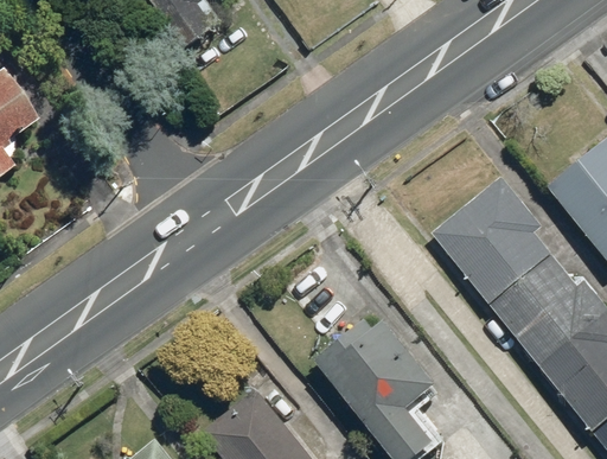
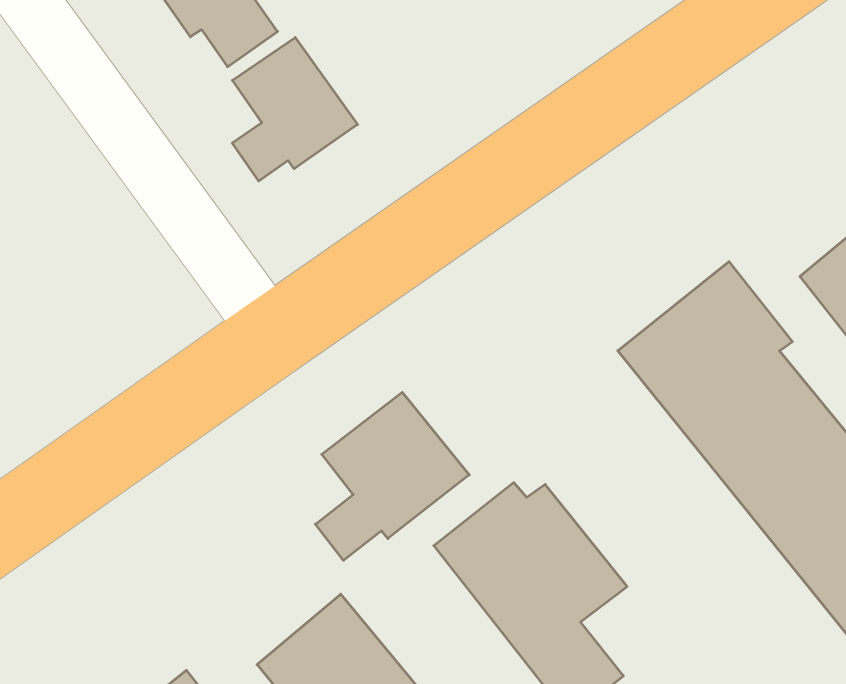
building: none -> [232,37,358,181]
building: none -> [315,392,469,560]

